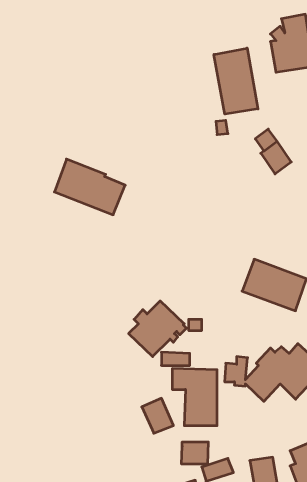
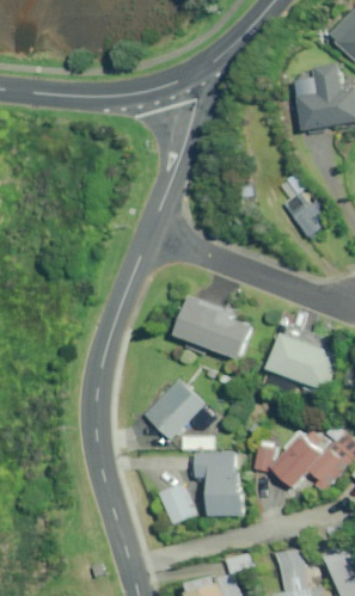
building: [214,48,258,114] -> none
building: [54,159,125,215] -> [172,297,250,358]
building: [182,442,208,464] -> none

